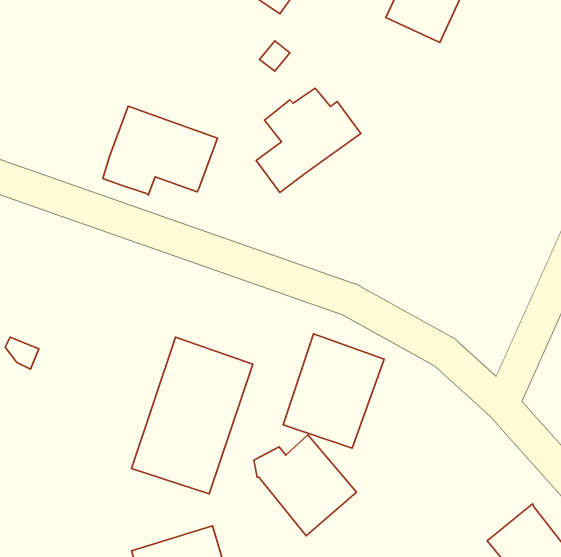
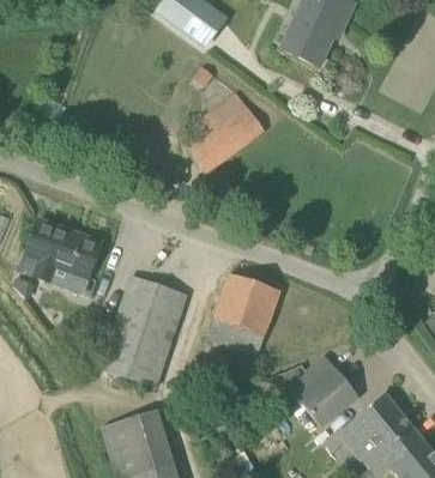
building: [103,106,217,195] -> [20,219,102,283]
building: [254,435,357,536] -> [284,355,357,426]

